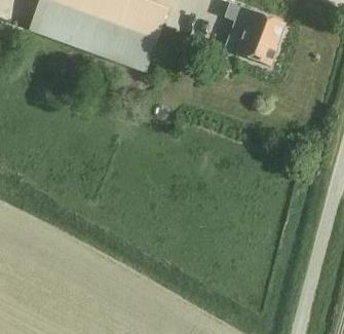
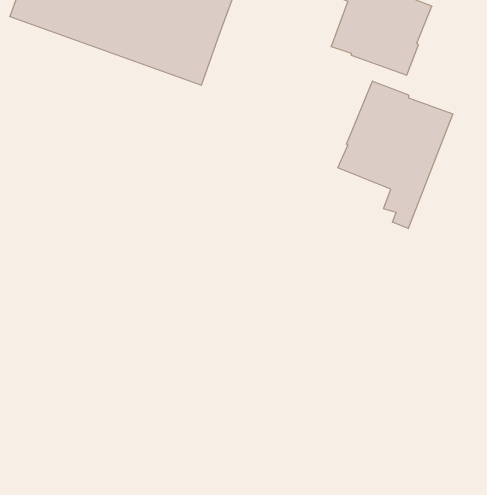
building: none -> [338,81,453,229]

